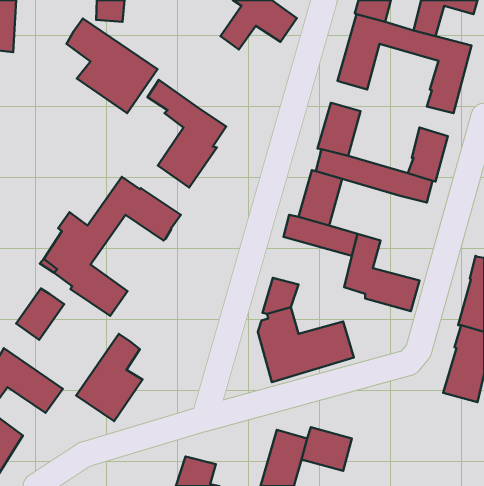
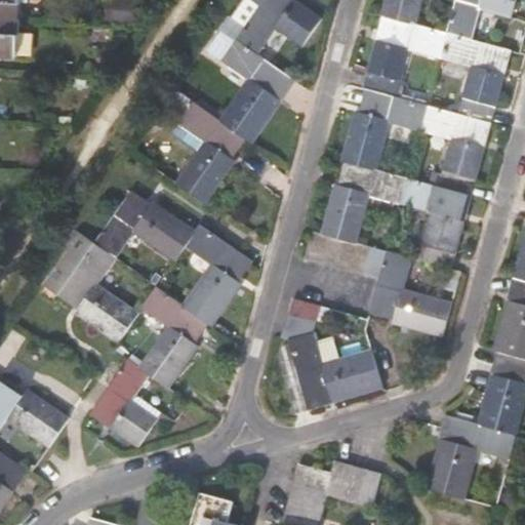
building: [67,18,157,113] -> none
building: none -> [213,39,296,142]
building: none -> [361,88,489,147]
building: none -> [420,211,462,268]
building: none -> [140,225,250,388]
building: [16,288,64,340] -> none
building: none -> [427,415,516,498]

